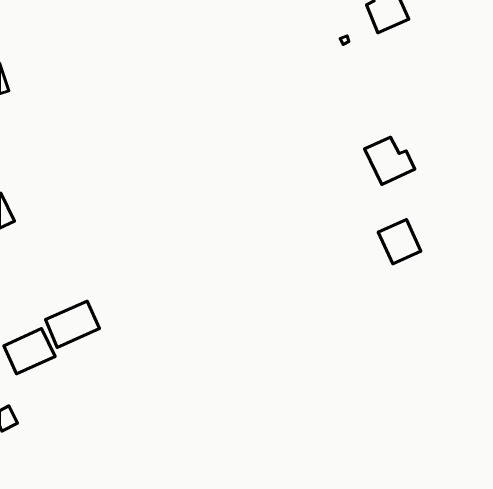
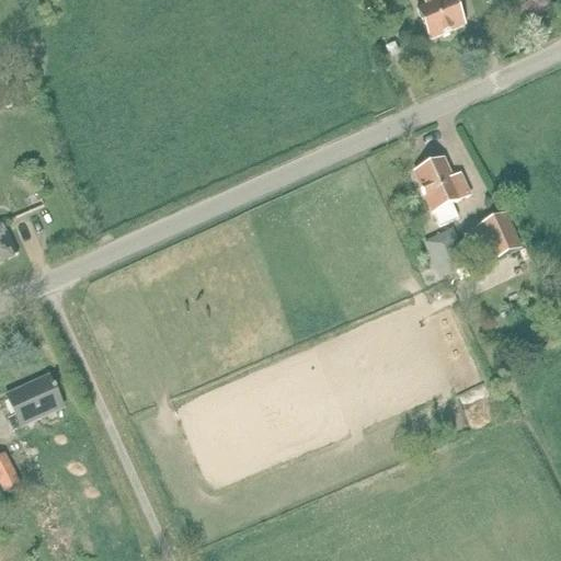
building: [378,219,421,264] -> [473,209,522,260]
building: [46,301,99,347] -> none

